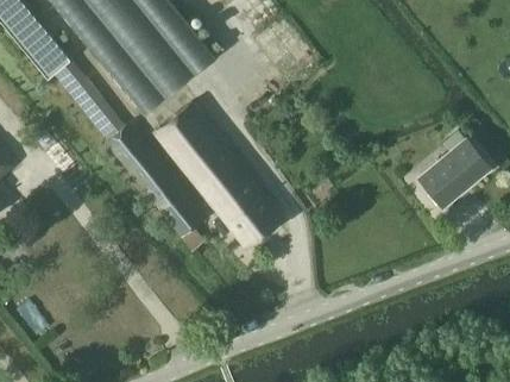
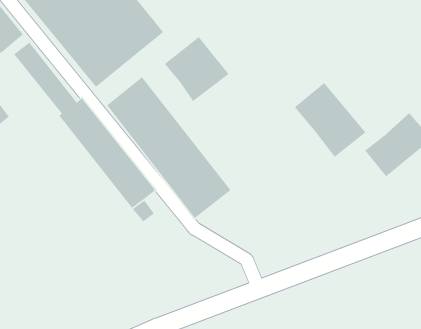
building: none -> [164,36,229,102]
building: none -> [294,82,366,158]

